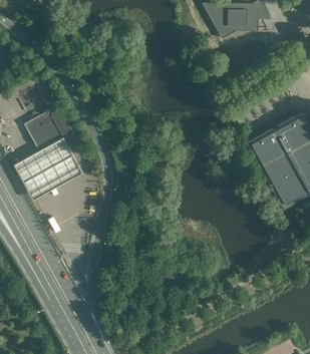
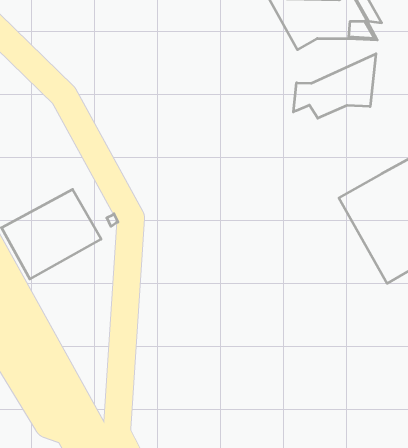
building: none -> [293,54,376,118]
building: [24,108,76,151] -> none

